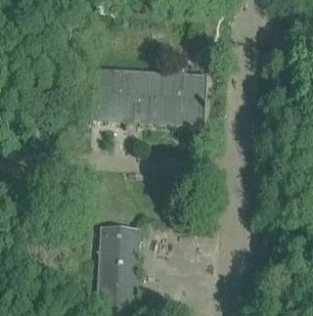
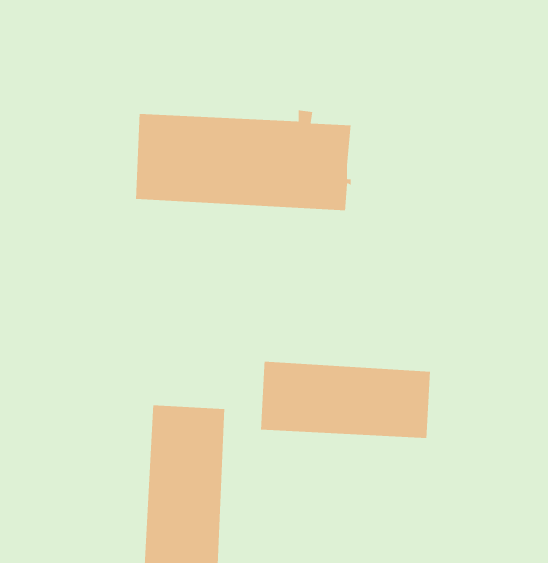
building: none -> [260,361,431,439]

